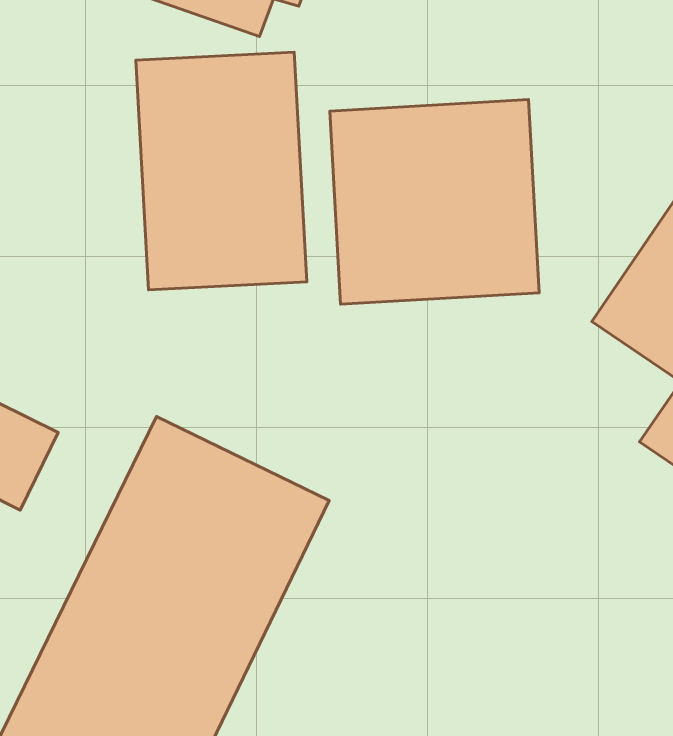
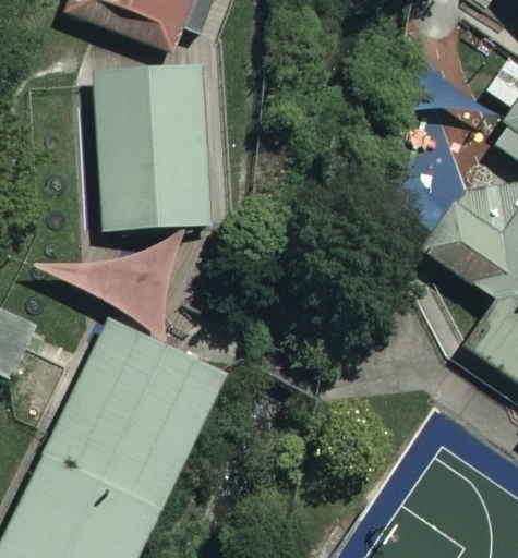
building: [330,100,539,304] -> none

